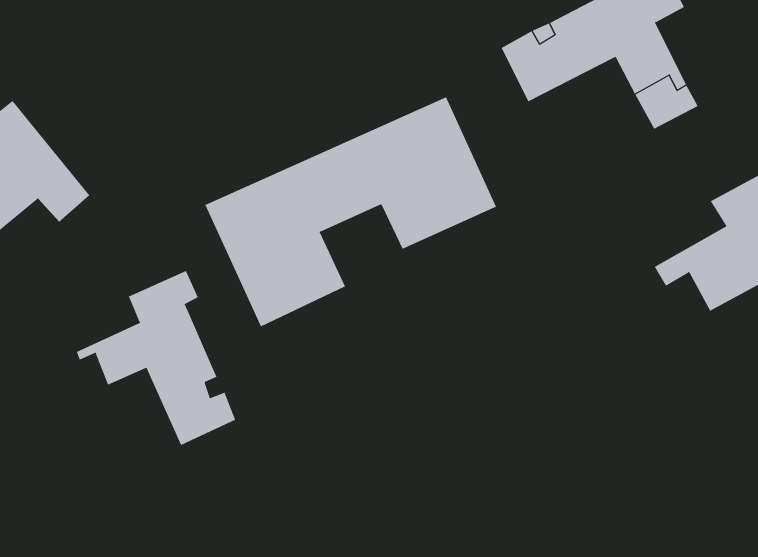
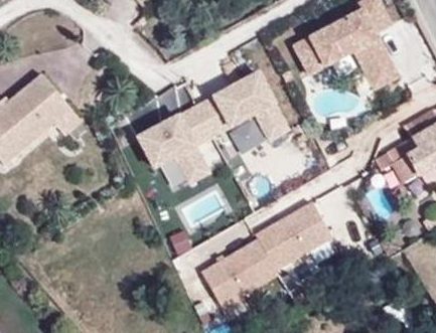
building: [76,270,236,446] -> none
building: none -> [200,203,338,302]

